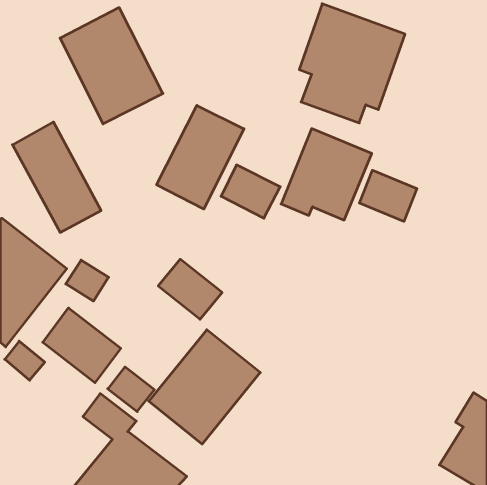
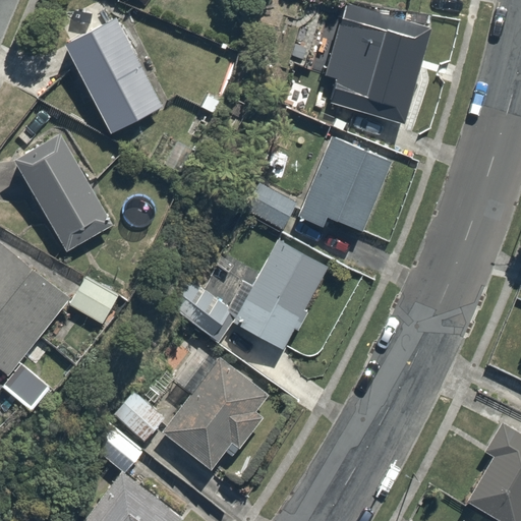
building: [157,105,244,209] -> none
building: [359,170,417,221] -> none
building: none -> [236,240,329,350]
building: [43,308,121,383] -> none

